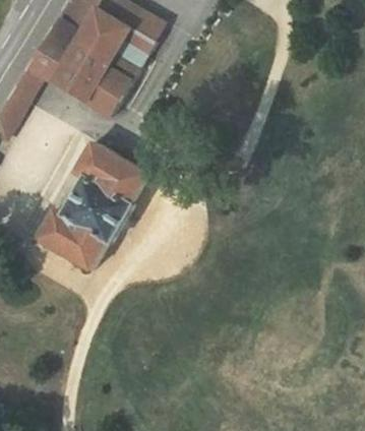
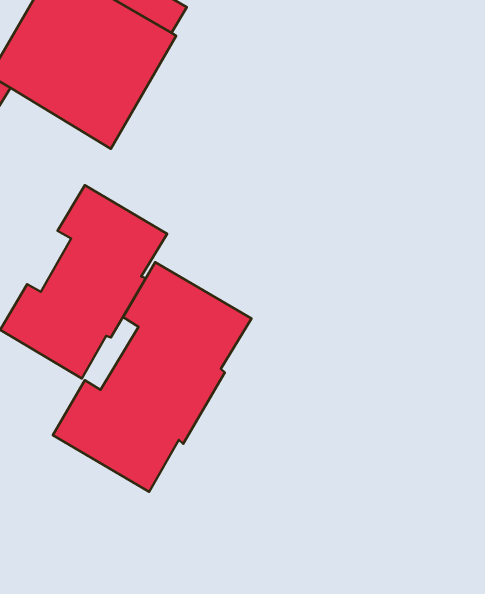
building: none -> [53,262,251,492]

